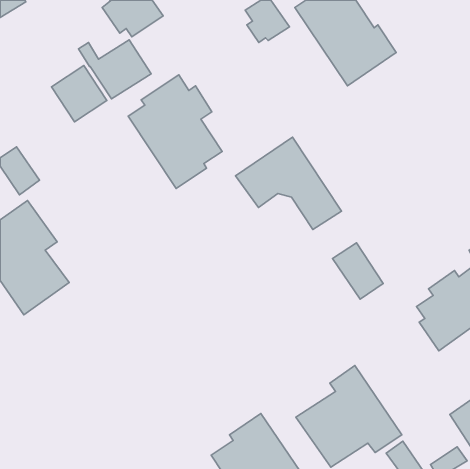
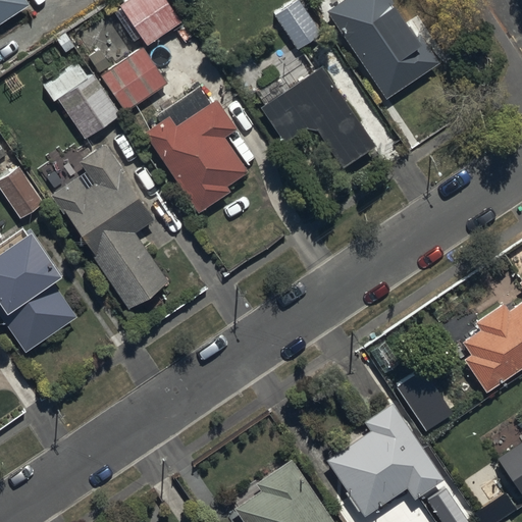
building: none -> [52,142,168,308]
building: [235,137,341,230] -> [257,63,374,165]
building: [333,243,383,299] -> [398,373,454,435]

